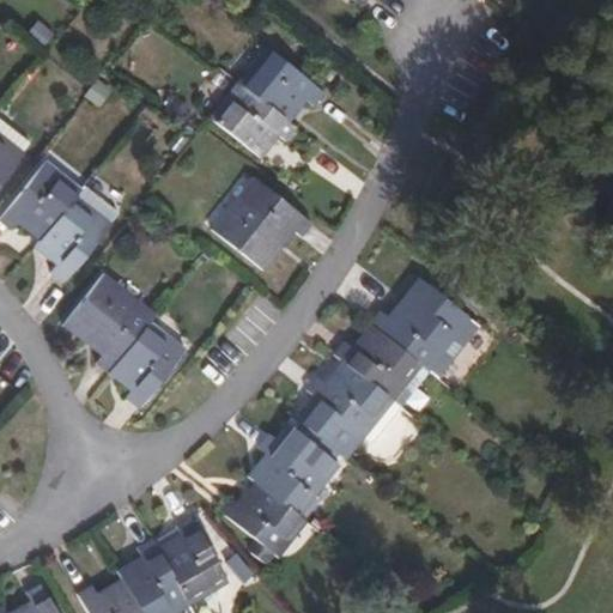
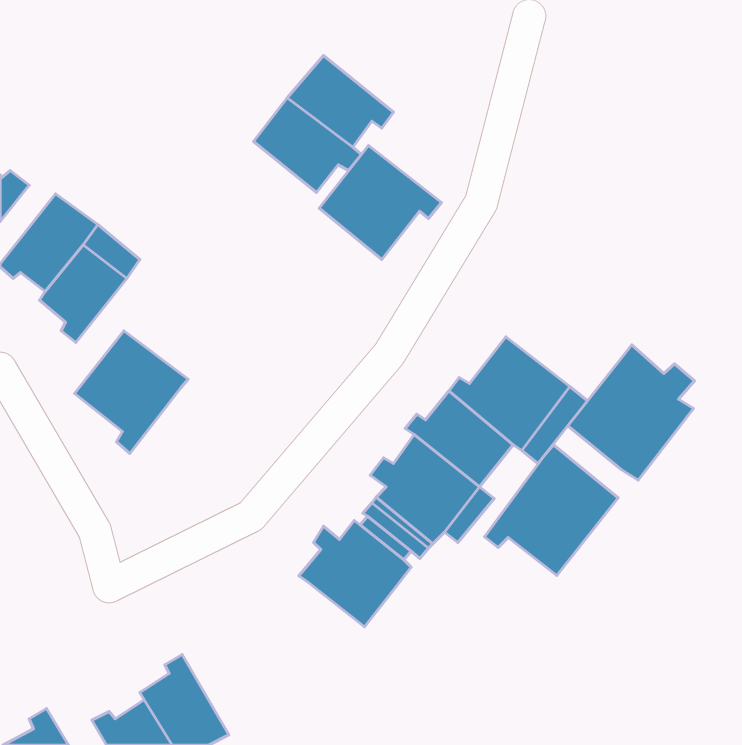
building: [213,176,314,269] -> [319,146,441,259]
building: none -> [568,345,695,480]
building: [109,318,187,408] -> none
building: none -> [485,445,618,575]
building: [220,478,306,564] -> none
building: [157,516,227,603] -> none

